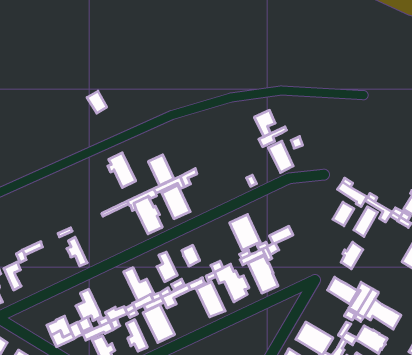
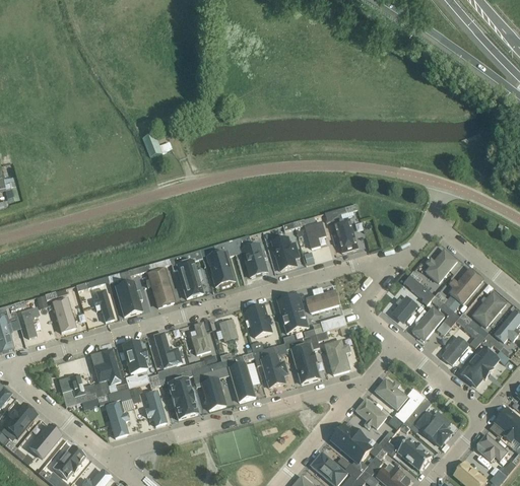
building: [254,110,275,137] -> [305,221,327,250]
building: none -> [426,247,458,281]
building: [108,153,136,188] -> [144,268,173,306]
building: [148,155,174,186] -> [242,241,267,275]
building: none -> [271,236,298,269]
building: none -> [450,268,482,302]
building: none -> [306,287,338,313]
building: none -> [114,280,141,315]
building: none -> [247,305,271,338]
building: [341,242,363,269] -> [442,336,468,365]
building: none -> [325,339,351,374]
building: none -> [51,298,73,330]
building: none -> [121,340,146,373]
building: none -> [353,398,387,430]
building: none -> [201,378,225,410]

